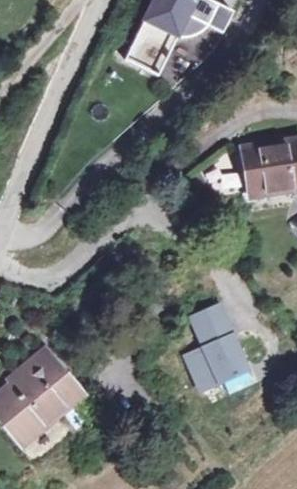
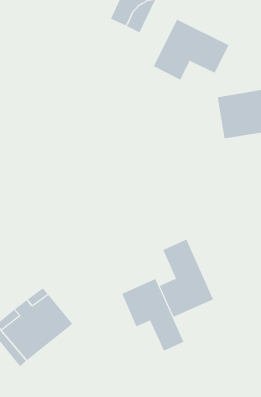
building: none -> [153,19,229,80]
building: none -> [122,278,184,351]

